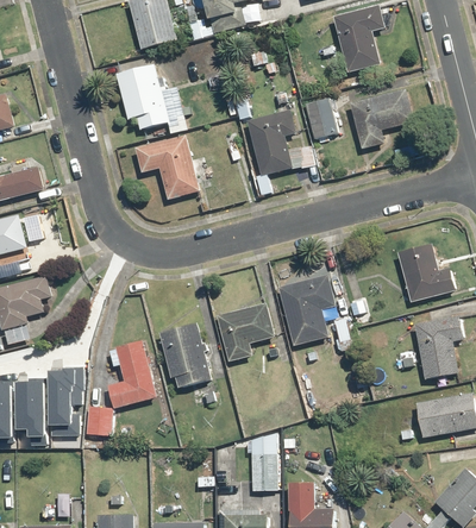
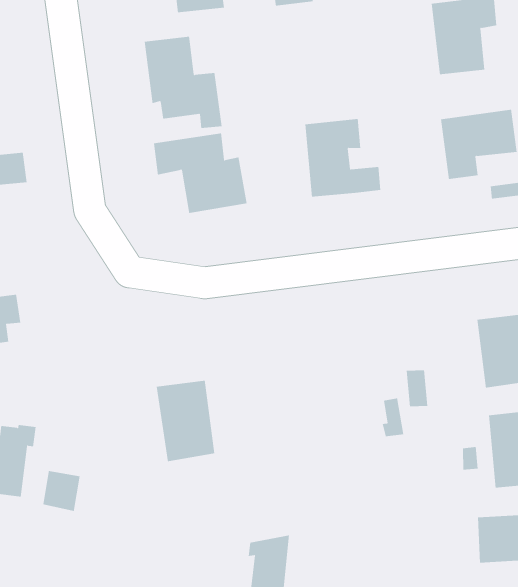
building: [305,98,337,136] -> none
building: [277,275,334,344] -> none
building: [215,303,273,362] -> none
building: [107,341,157,407] -> none

